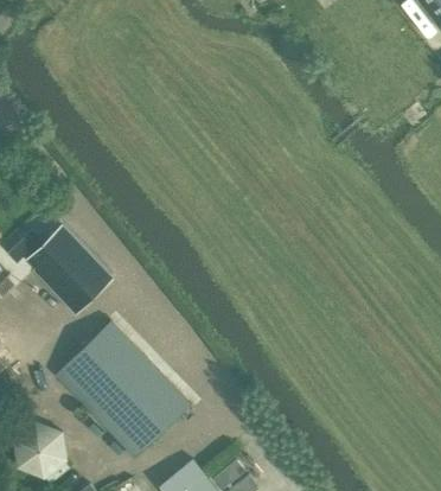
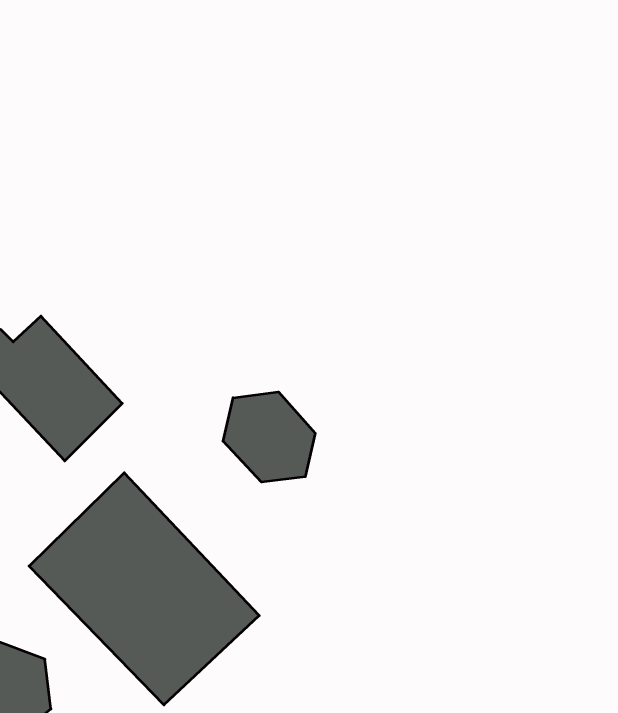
building: none -> [223,392,315,482]

